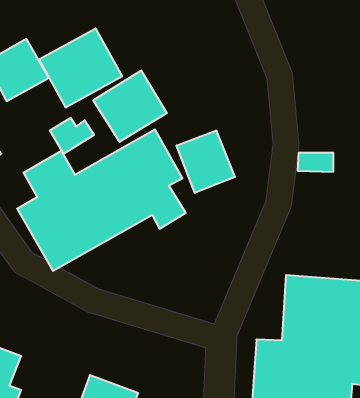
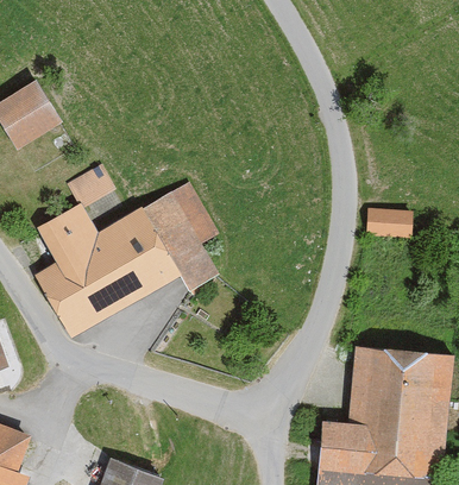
building: [39,28,122,108] -> none
building: [93,70,167,142] -> none
building: [177,130,235,193] -> none

